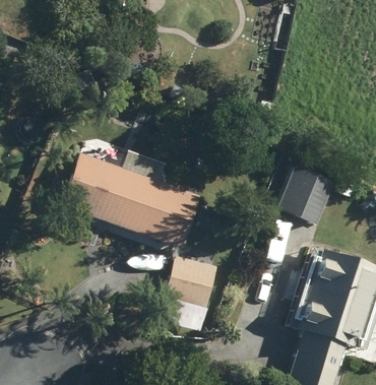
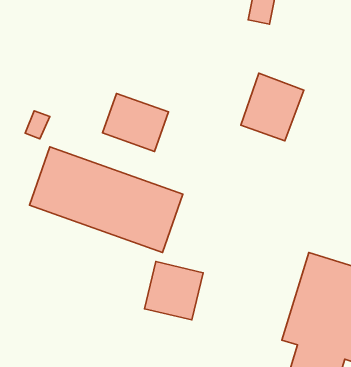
building: none -> [102,93,168,151]
building: [277,164,334,224] -> [241,73,304,141]

